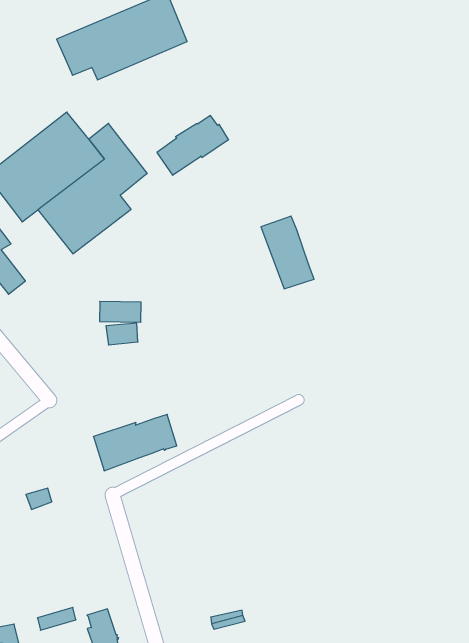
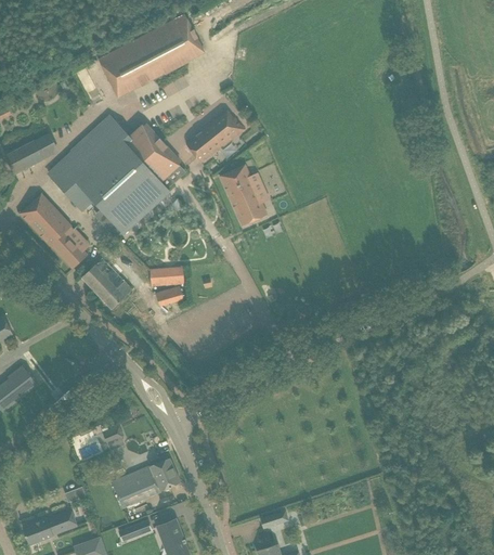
building: [261,216,314,289] -> [219,165,265,224]
building: none -> [80,257,131,309]
building: [93,414,177,471] -> [110,457,179,507]

